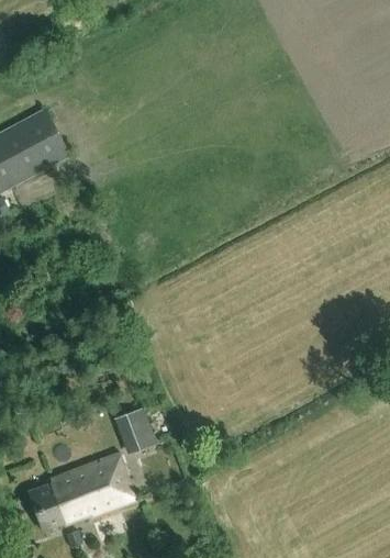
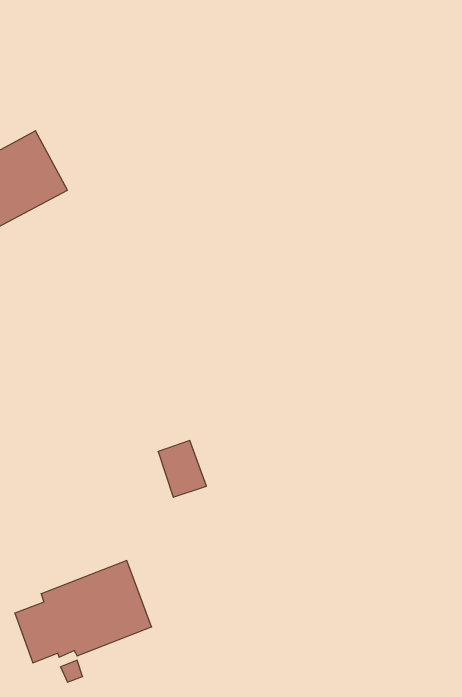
building: [115,405,154,450] -> [158,441,206,497]

